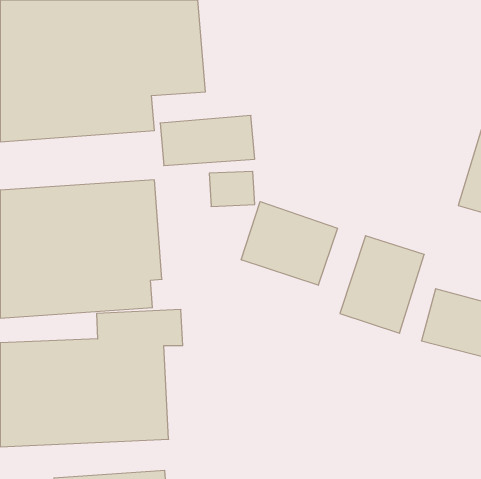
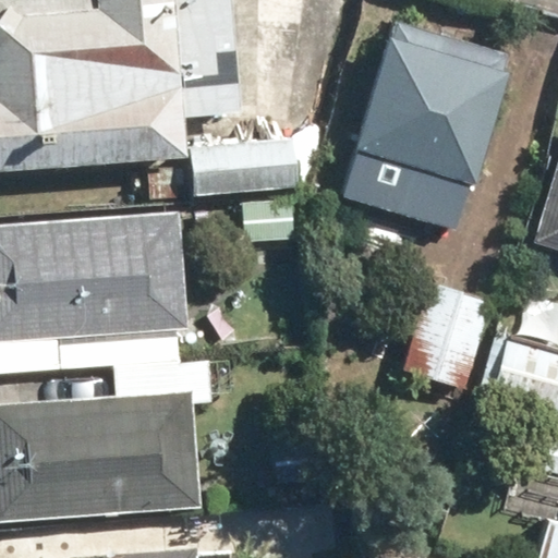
building: none -> [341,19,510,231]
building: [241,202,337,285] -> none

